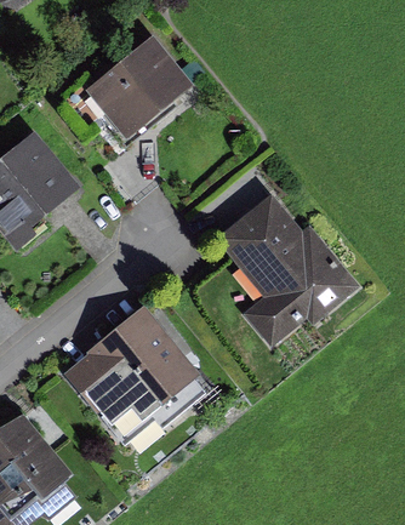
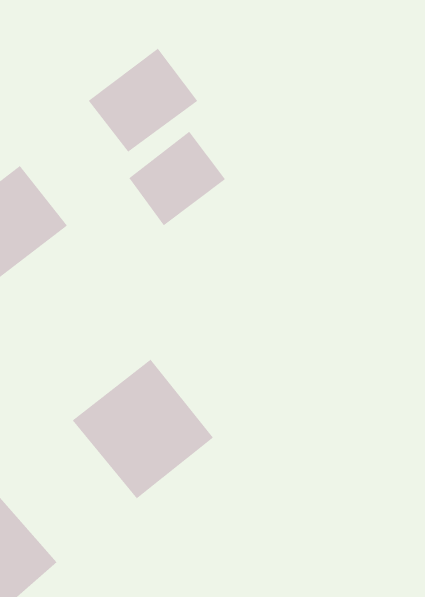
building: none -> [129,131,226,226]
building: [226,200,340,336] -> none

